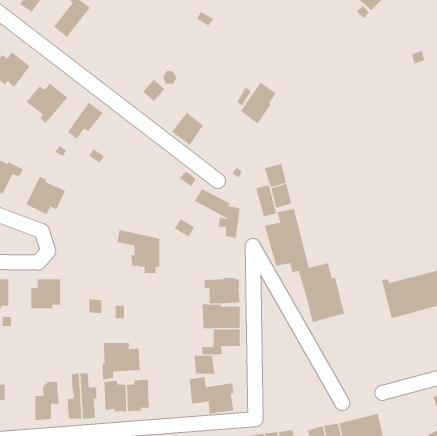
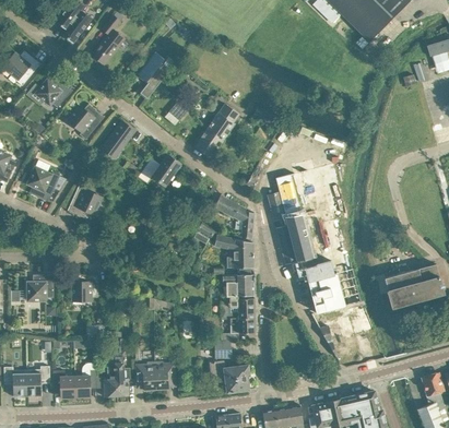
building: none -> [138,51,176,98]
building: [240,82,277,125] -> [208,104,239,141]
building: none -> [138,154,181,186]
building: [116,230,160,274] -> [215,235,253,273]
building: [102,342,140,380] -> none
building: none -> [52,370,75,397]

